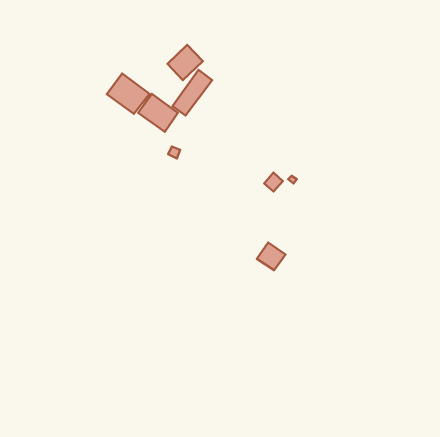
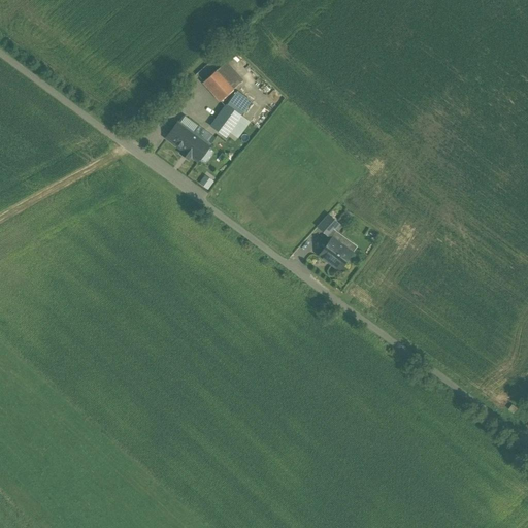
building: [107,73,149,114] -> none
building: [257,243,285,270] -> [319,236,353,269]

